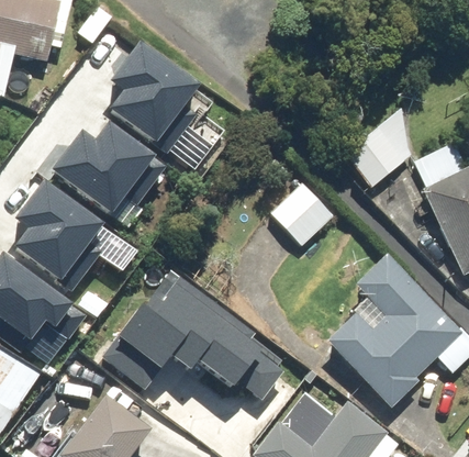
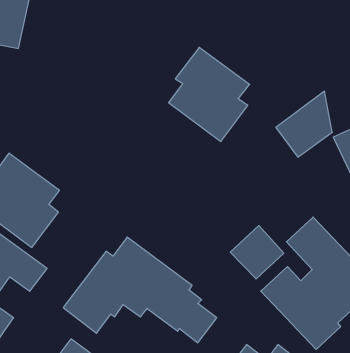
building: [99,45,192,154] -> [169,47,250,142]
building: [47,118,159,212] -> none
building: [271,182,333,244] -> [230,226,284,279]

